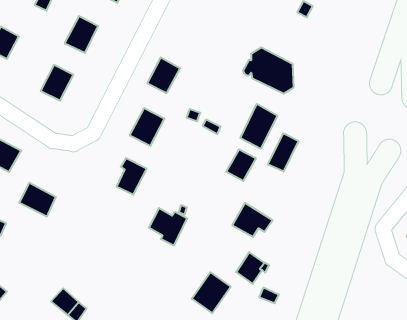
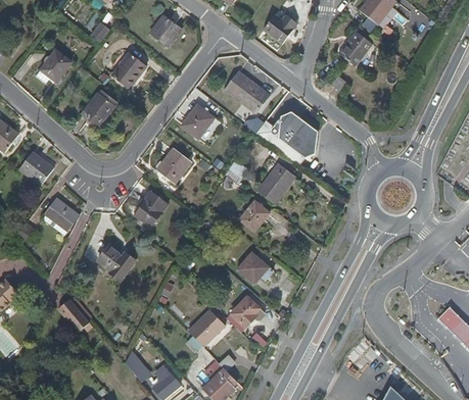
building: none -> [225,71,269,112]
building: [268,133,298,172] -> none
building: [149,208,187,245] -> [98,245,135,282]

